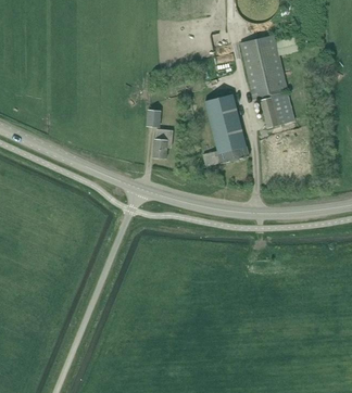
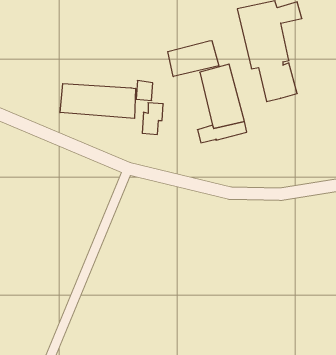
building: none -> [168,41,219,77]
building: none -> [60,84,135,118]

